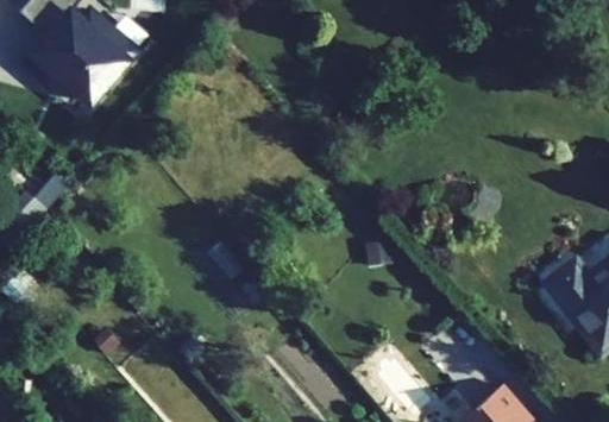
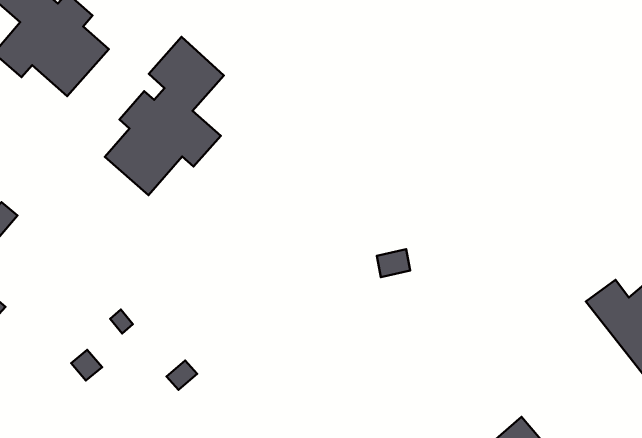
building: none -> [105,37,224,195]

